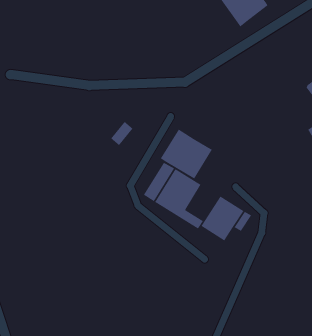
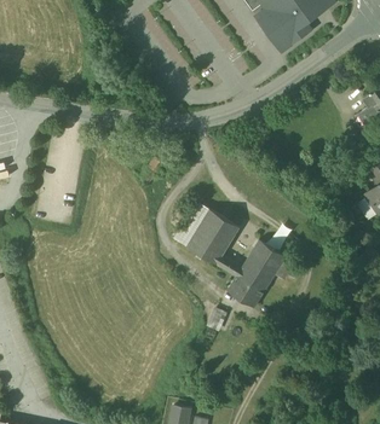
building: [160,128,213,180] -> none
building: none -> [228,272,265,306]

